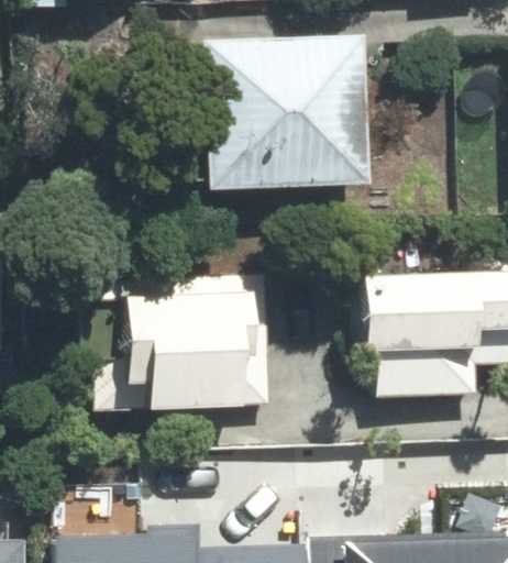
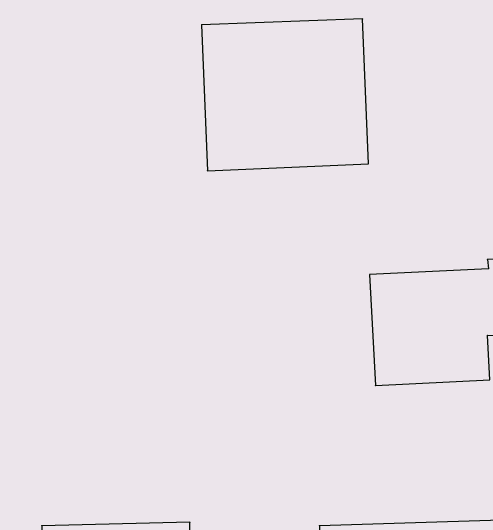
building: [128,285,270,416] -> none

